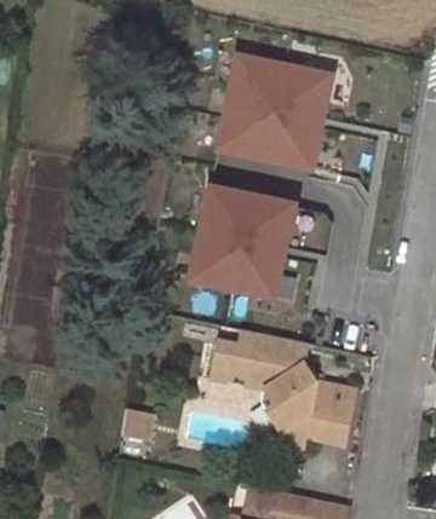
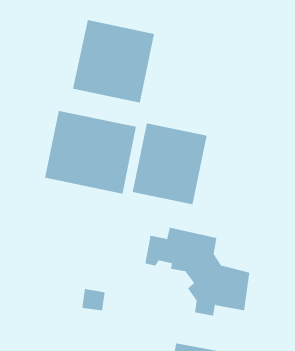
building: [218,56,331,169] -> [72,20,155,103]
building: none -> [45,110,137,194]

